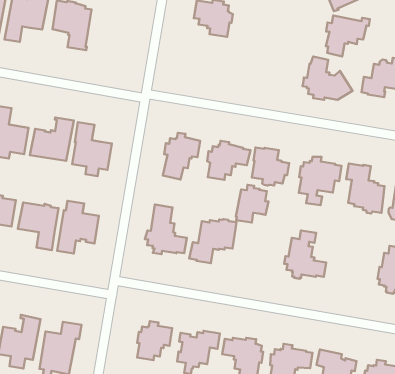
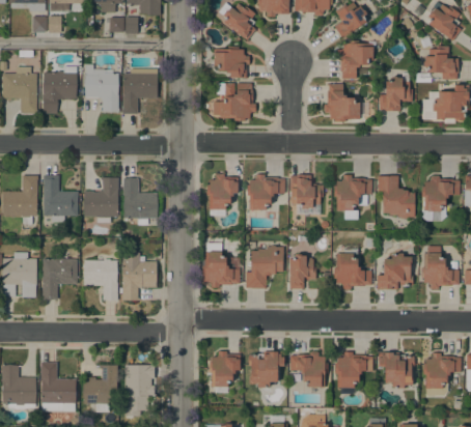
building: none -> [121,69,158,114]
building: none -> [213,83,255,120]
building: [236,185,269,223] -> [288,254,316,288]
building: none -> [377,253,413,289]

